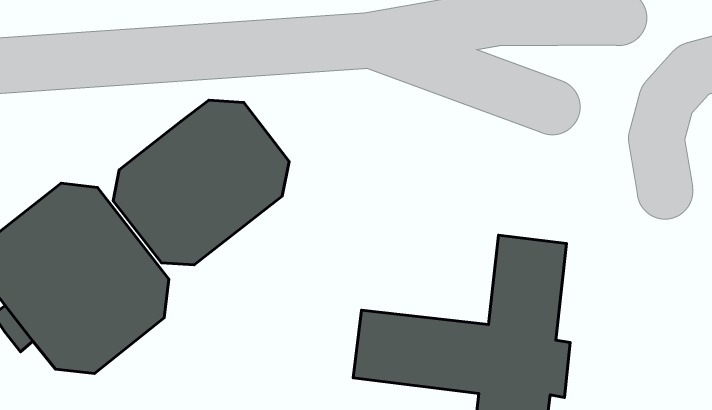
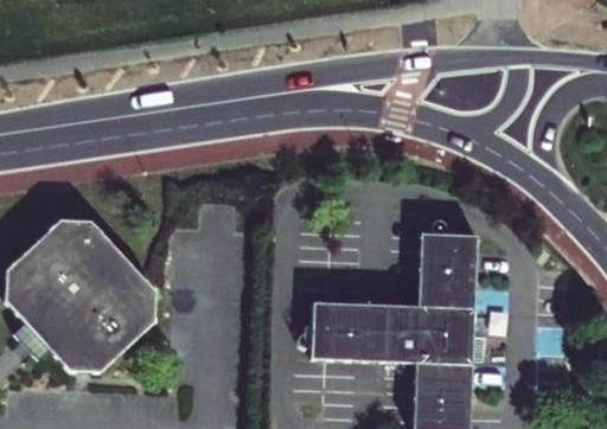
building: [113,100,289,265] -> none

